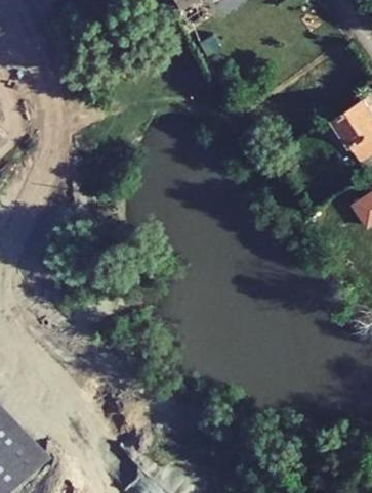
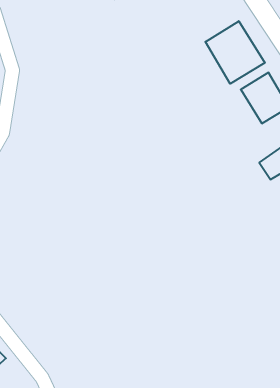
building: none -> [205,21,265,84]

